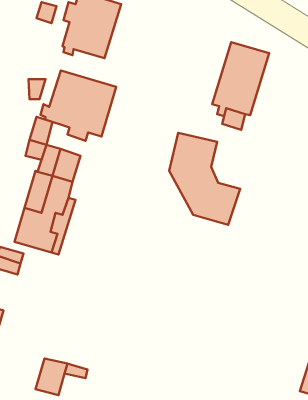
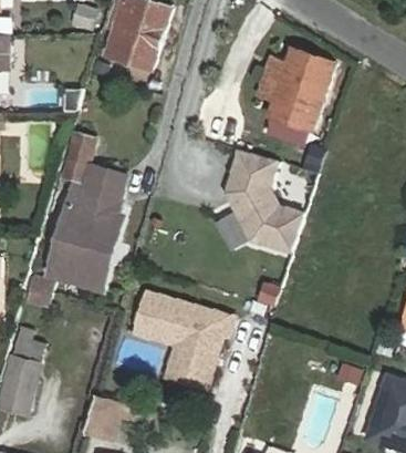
building: [41,71,116,141] -> none
building: none -> [129,297,227,390]

